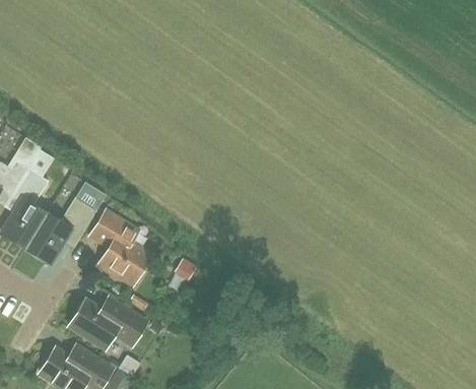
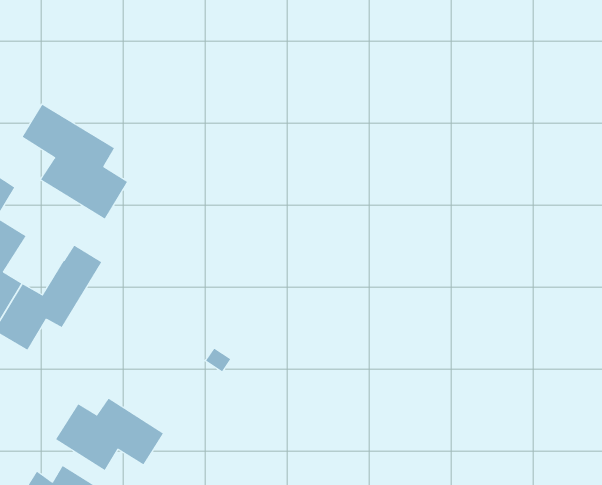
building: none -> [22,104,128,219]
building: [89,211,149,284] -> none

